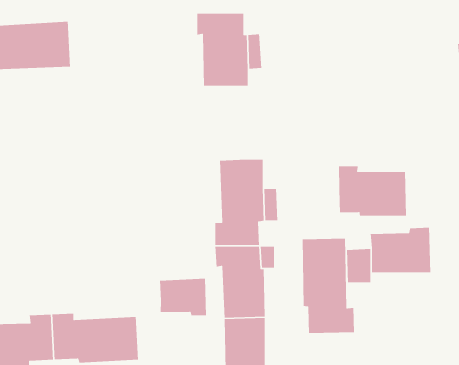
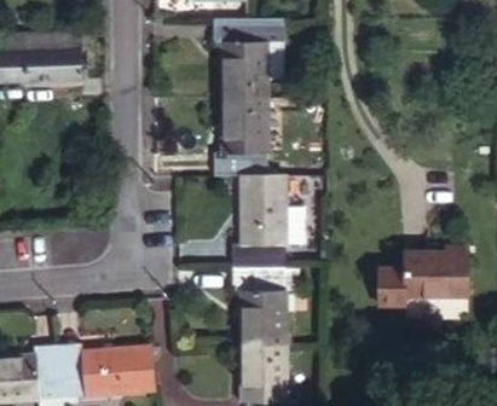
building: none -> [215,100,271,179]
building: [338,165,407,216] -> none
building: [302,238,355,334] -> none
building: [159,278,207,316] -> none

